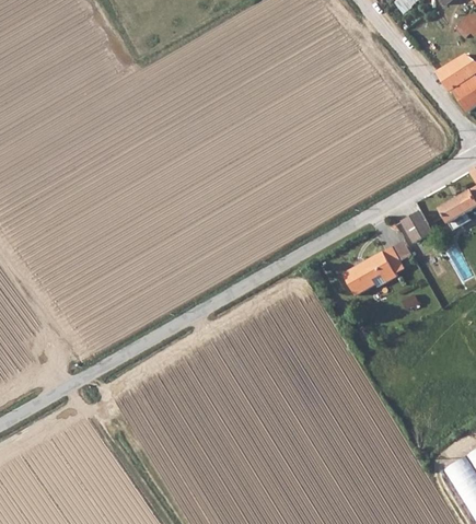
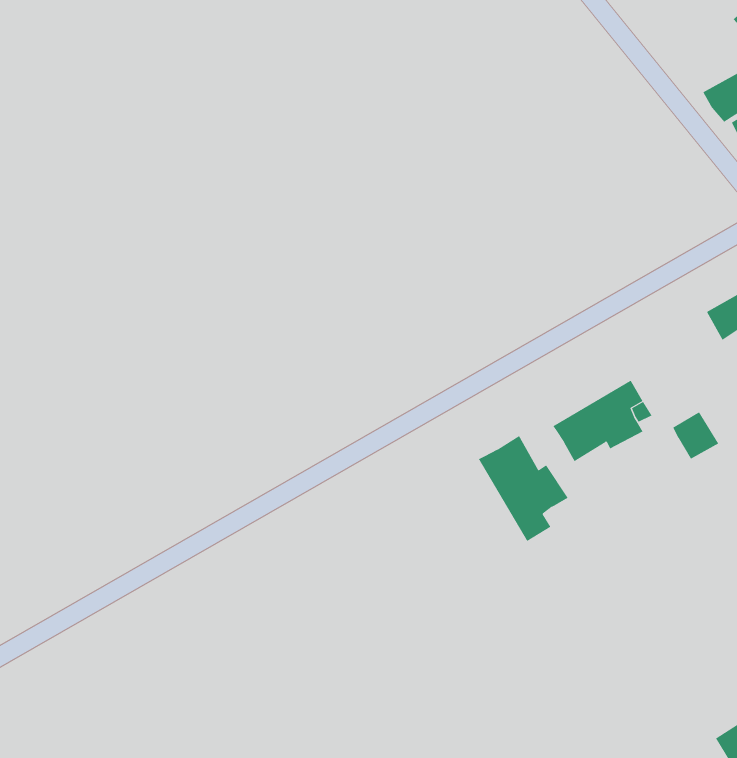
building: [404,211,432,241] -> [673,411,719,460]
building: none -> [478,435,568,542]

